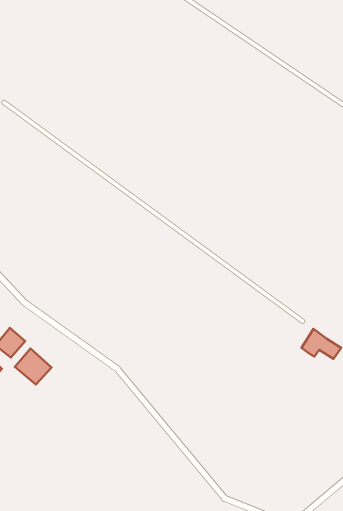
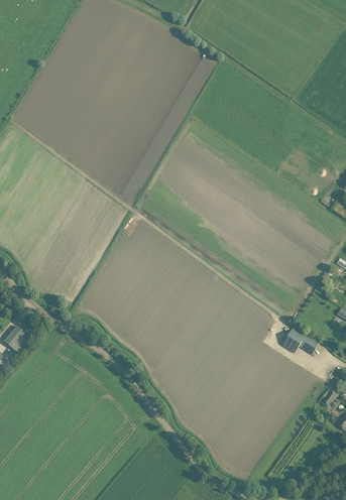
building: [15,349,52,384] -> none

